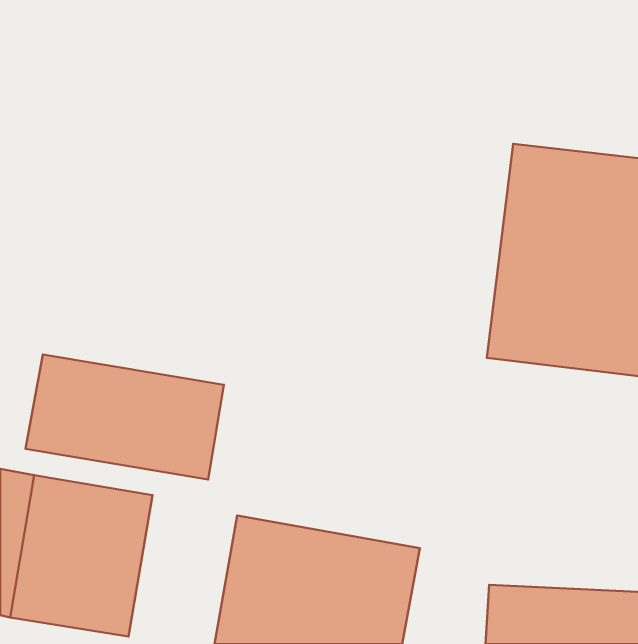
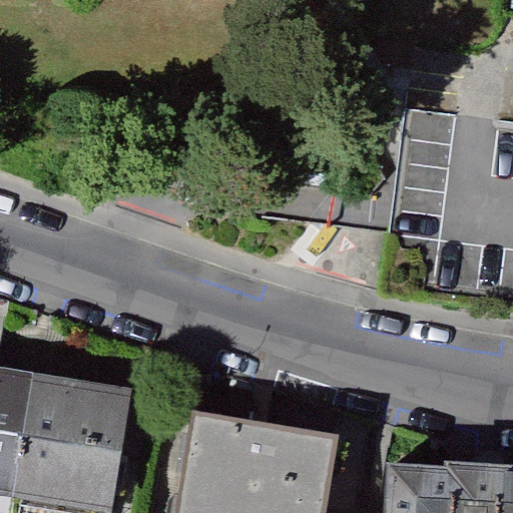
building: [26,354,224,480] -> none

